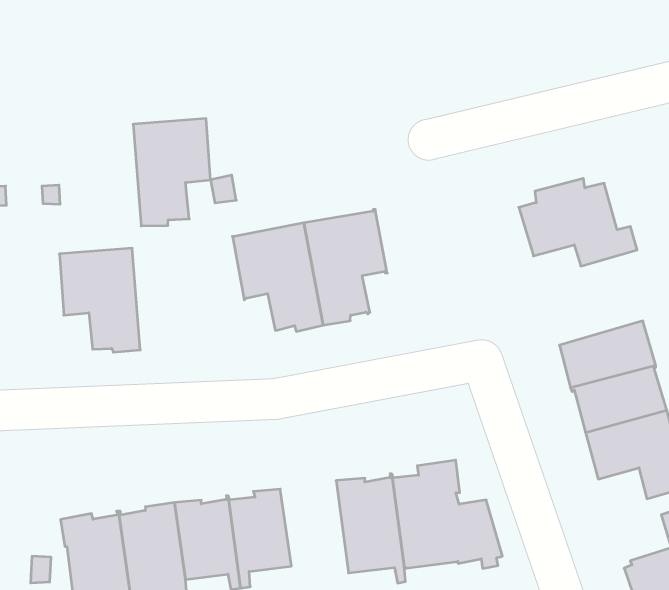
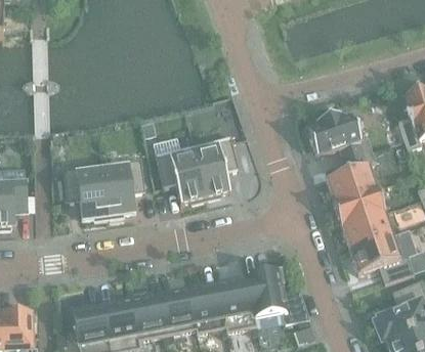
building: [133,119,210,226] -> [101,157,144,216]
building: none -> [325,148,377,202]
building: none -> [187,280,226,335]

